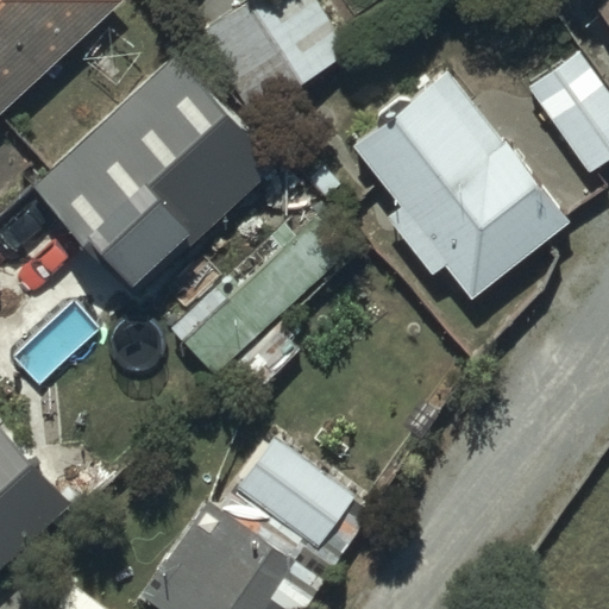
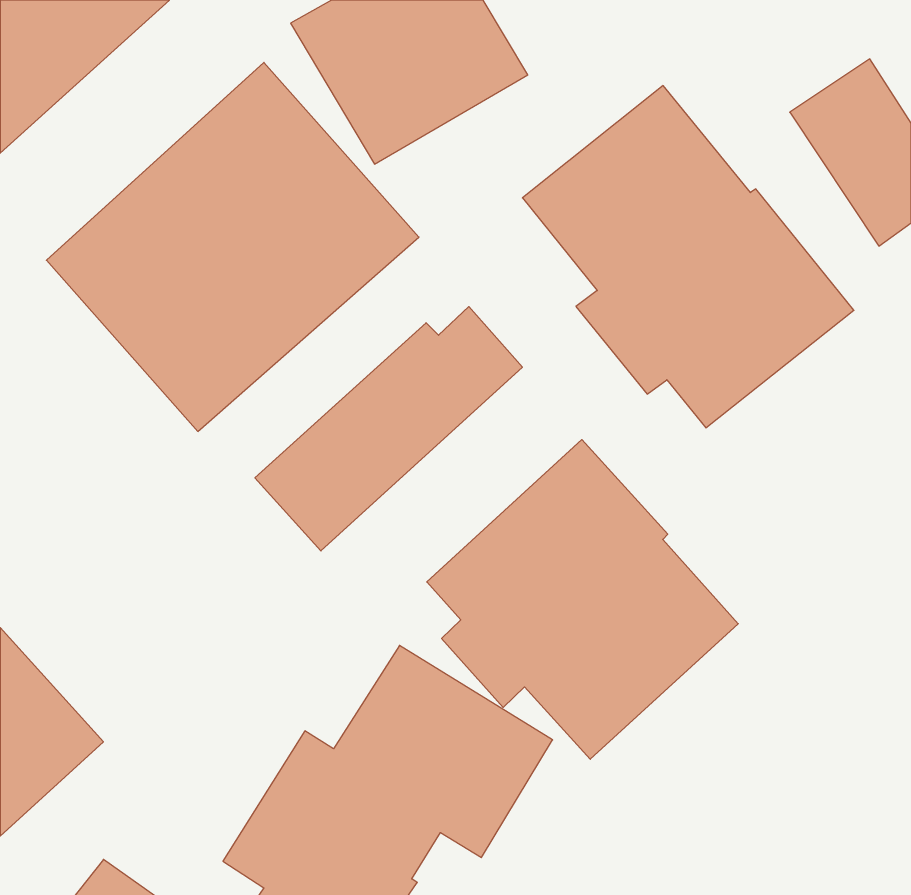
building: none -> [427,440,738,759]

